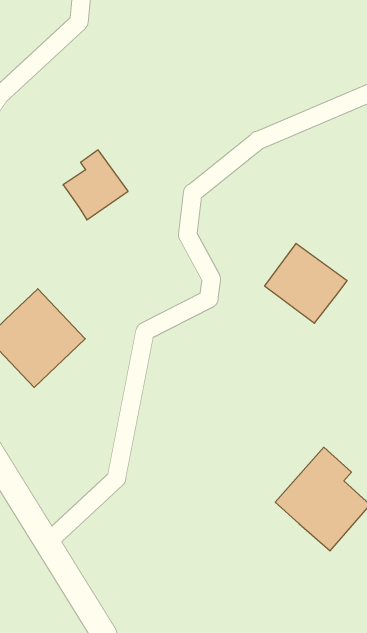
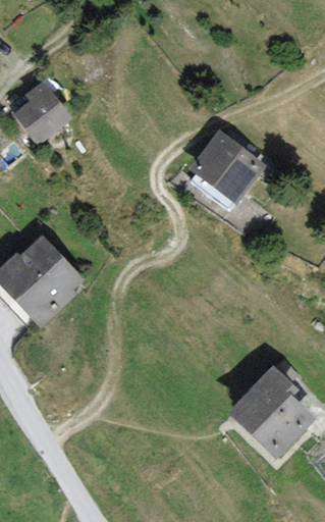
building: [63,150,128,220] -> [16,85,69,142]
building: [265,243,347,323] -> [194,134,261,199]

